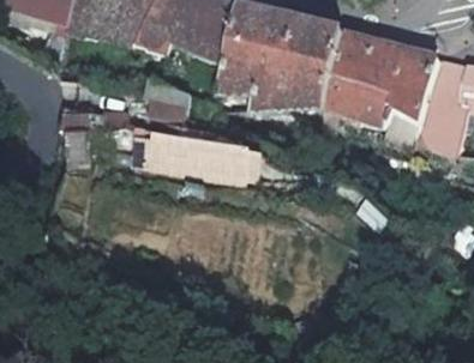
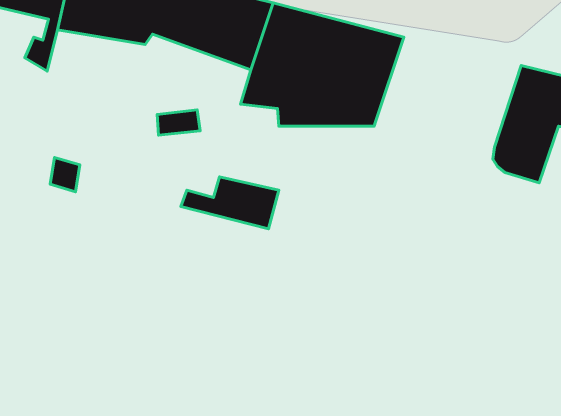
building: [323,34,440,122] -> none

